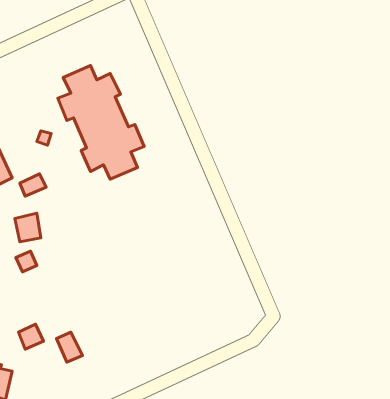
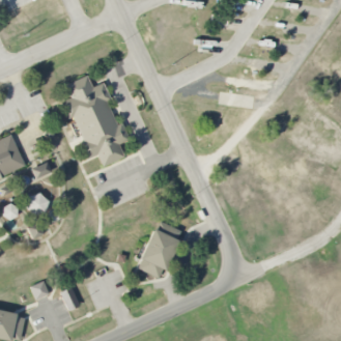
building: none -> [138,221,181,278]

